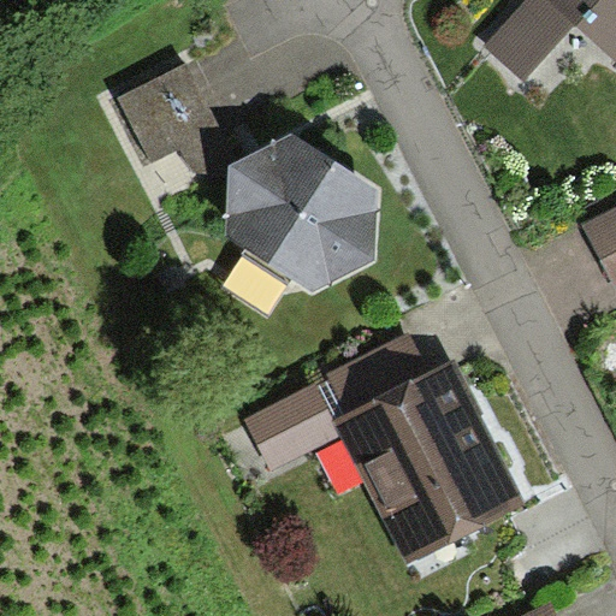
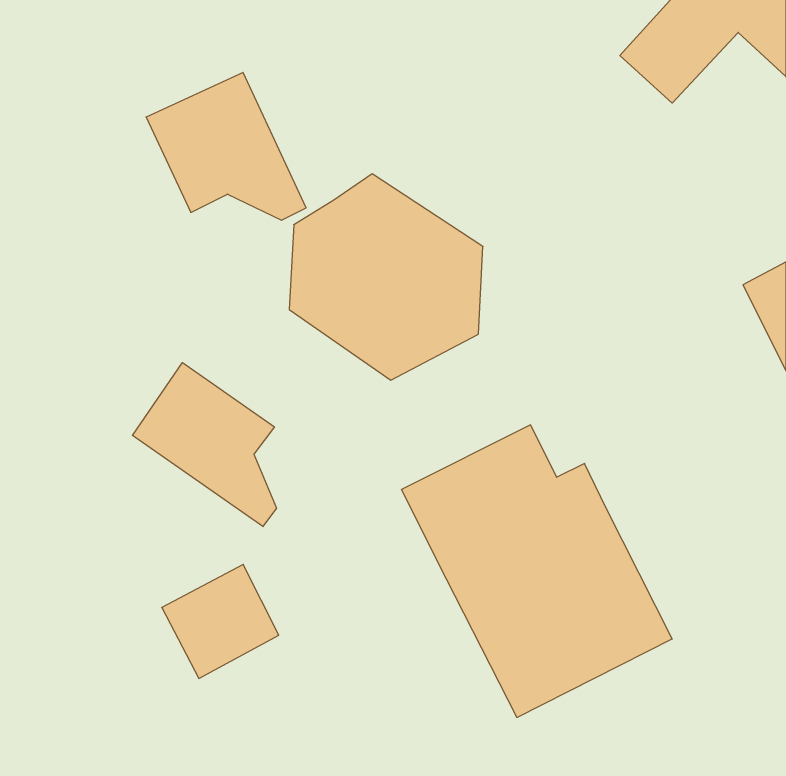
building: none -> [132,363,277,527]
building: [250,383,342,472] -> [162,564,279,678]

